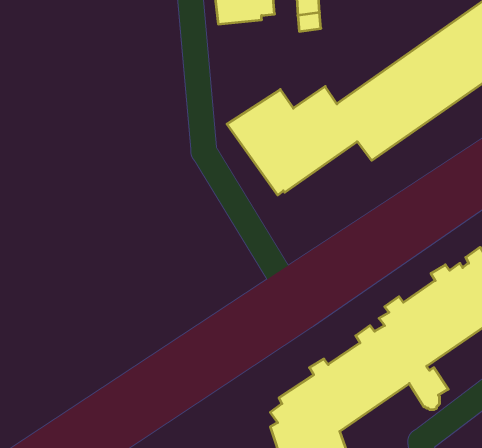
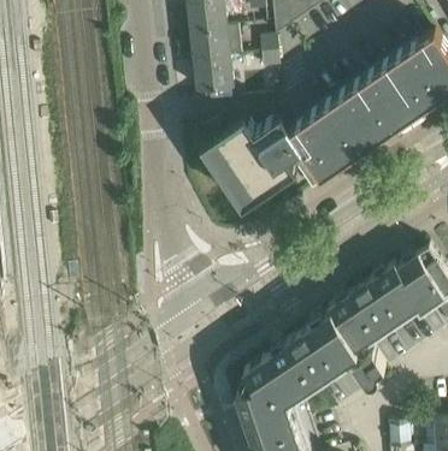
building: none -> [194,59,232,90]

